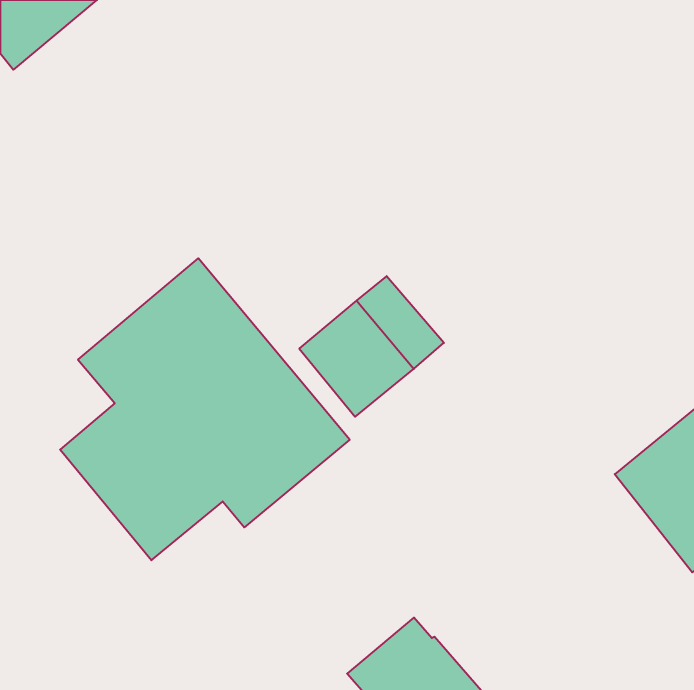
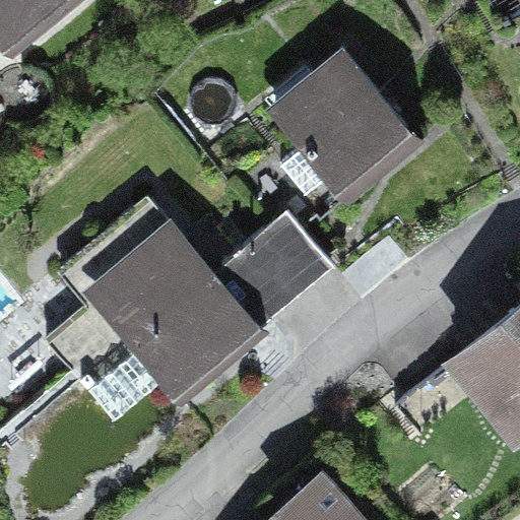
building: none -> [277,56,413,192]

